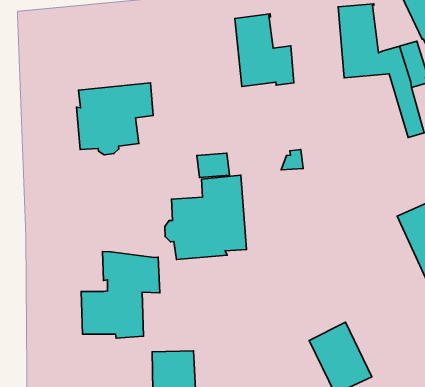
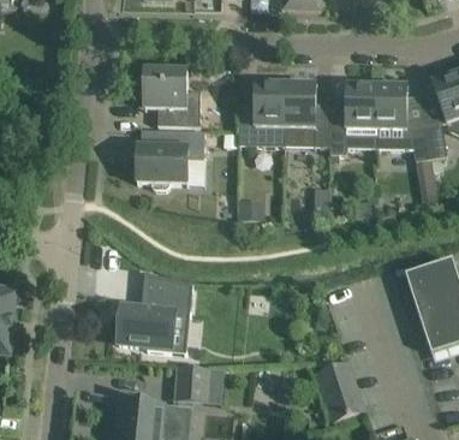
building: none -> [329,84,376,153]
building: none -> [138,64,199,125]
building: none -> [238,82,285,144]
building: [165,175,247,260] -> none

